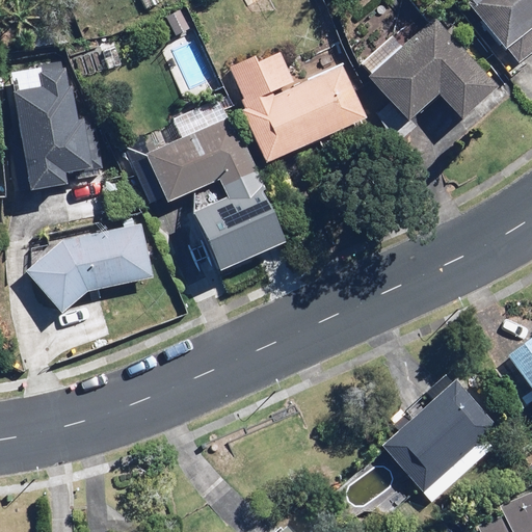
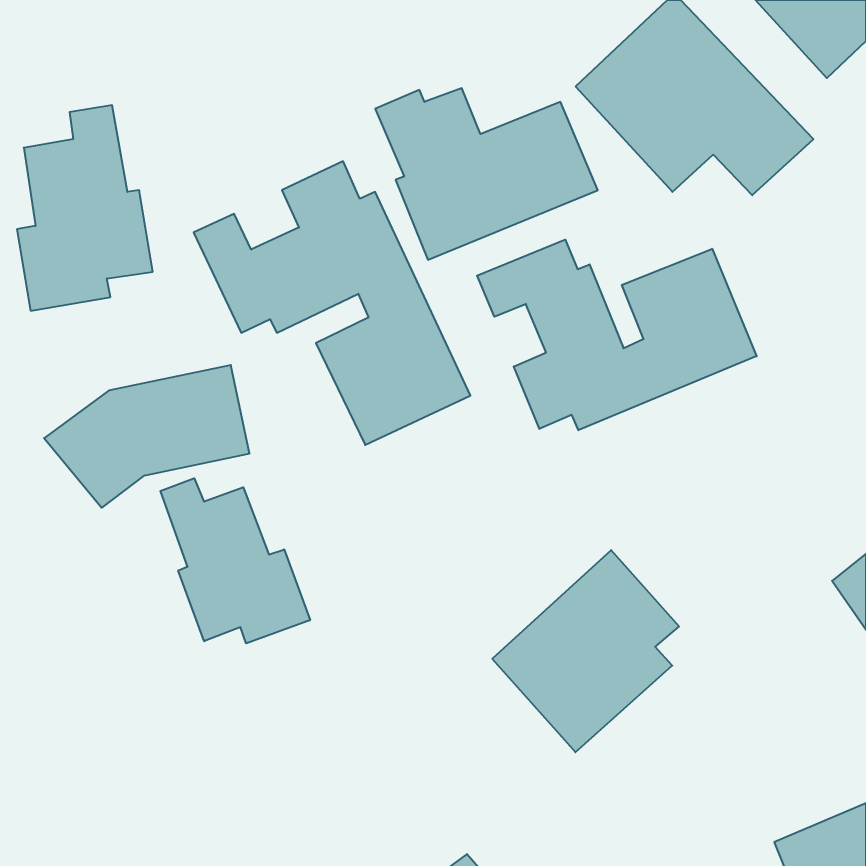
building: none -> [477,240,757,430]
building: none -> [160,478,310,643]
building: [382,379,497,503] -> [492,550,679,752]

